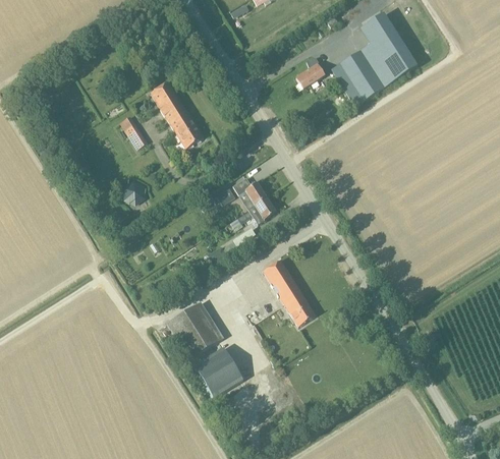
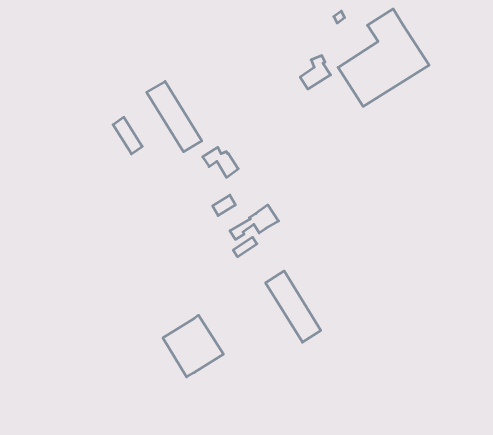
building: [231,177,265,206] -> [203,147,238,177]
building: [122,179,146,206] -> none
building: [196,342,244,392] -> none

